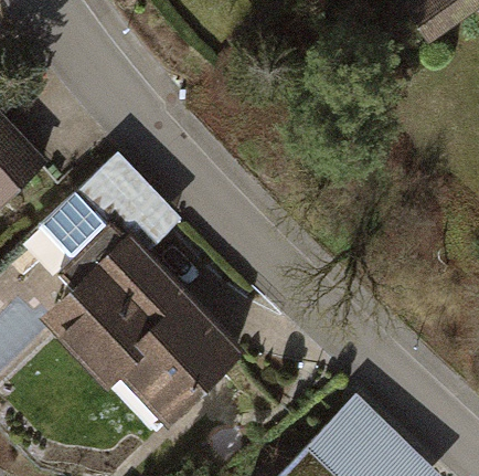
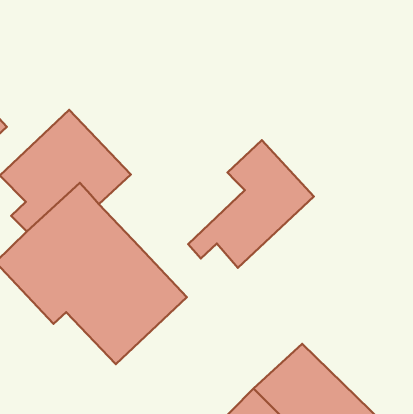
building: none -> [188,140,314,268]

